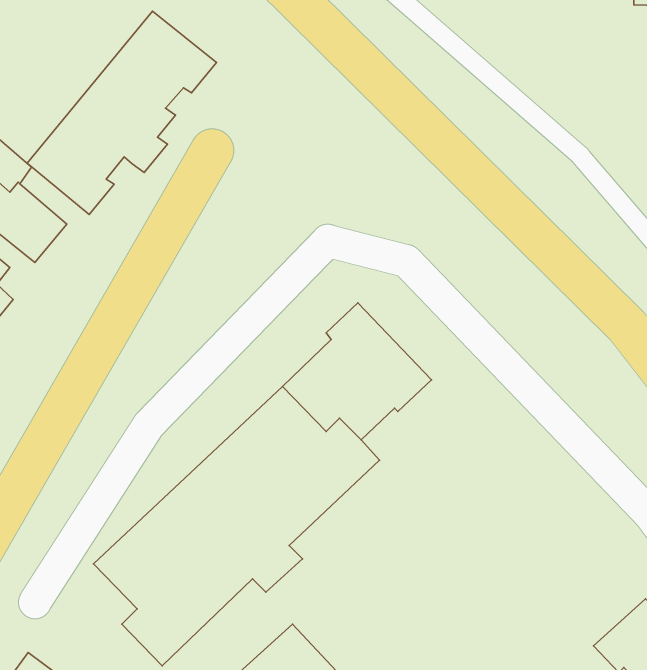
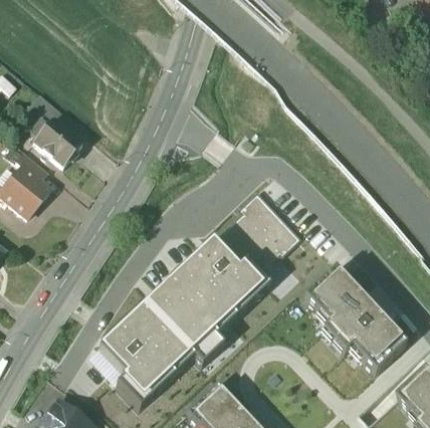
building: [27,11,216,215] -> none
building: none -> [302,266,404,371]

